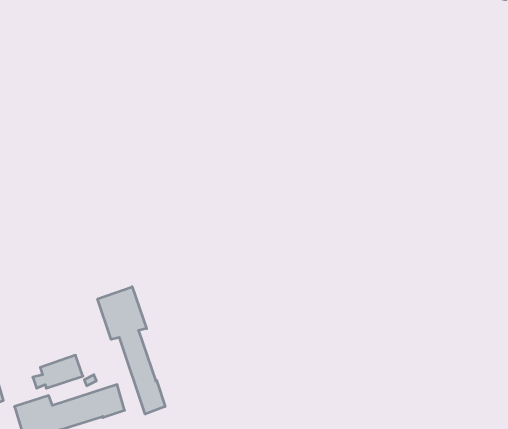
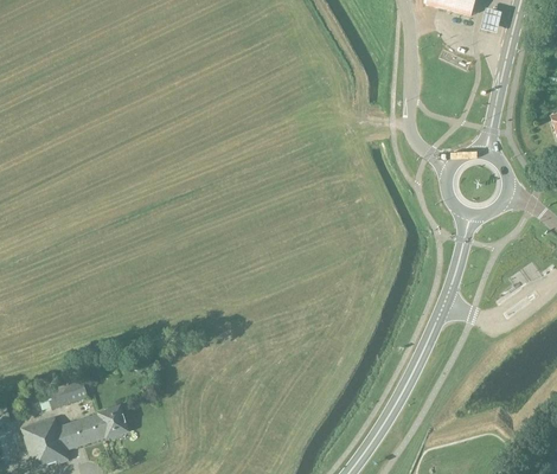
building: [98,287,165,414] -> none

